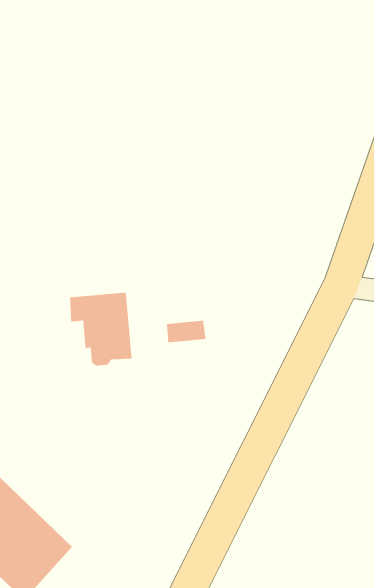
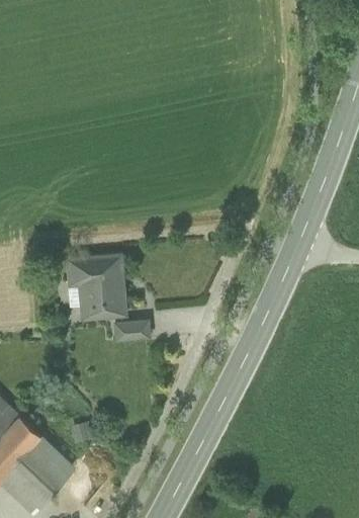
building: [166,320,206,343] -> [115,322,149,341]

